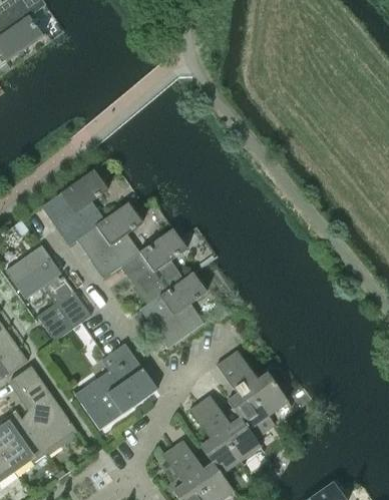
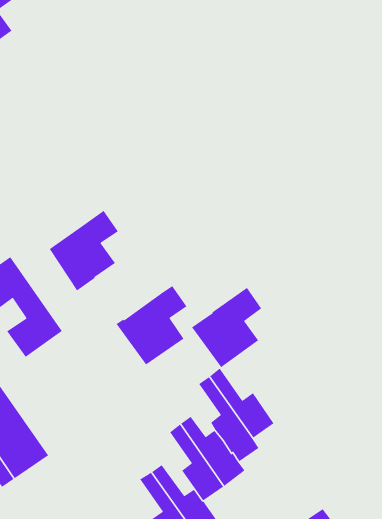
building: [41,169,107,245] -> none
building: [120,228,186,305] -> [191,287,262,369]
building: [74,343,157,430] -> none

